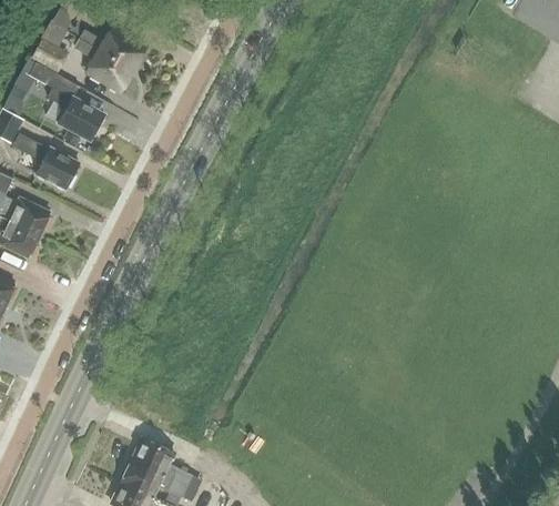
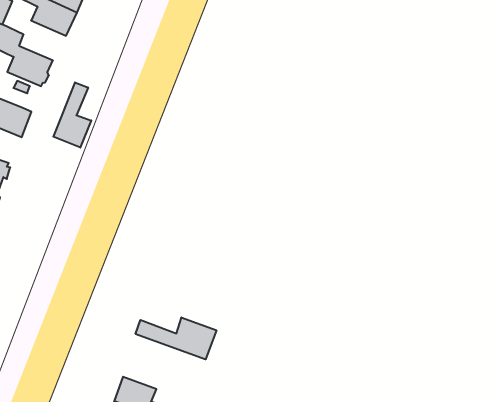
building: none -> [53,82,91,148]
building: none -> [136,317,216,359]

